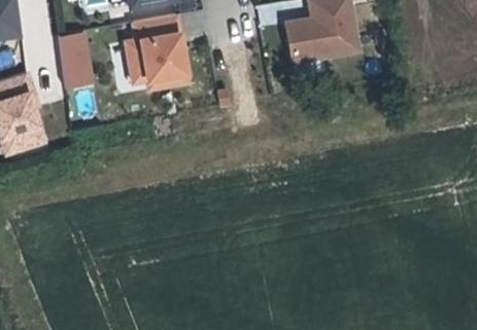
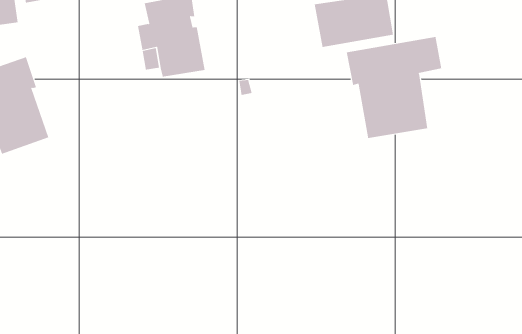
building: [59,33,94,89] -> none
building: none -> [346,36,442,139]

